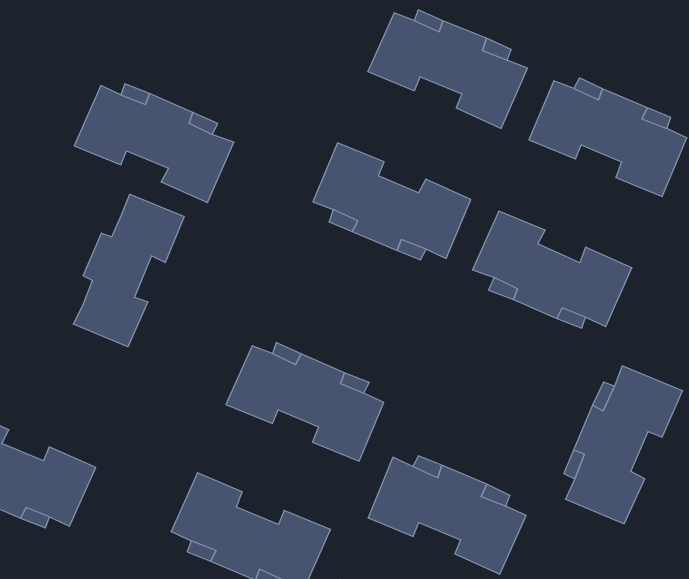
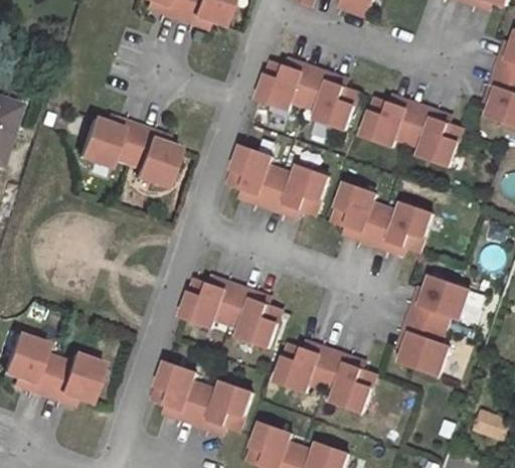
building: [73,194,184,347] -> none

